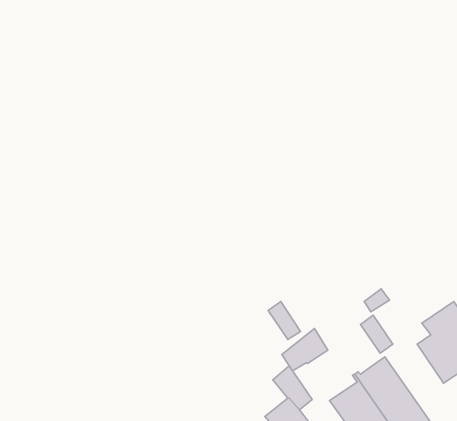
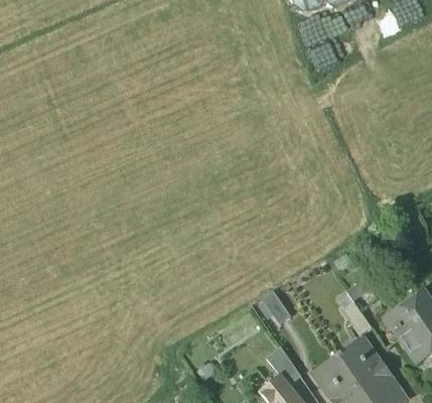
building: [282,329,328,371] -> none

